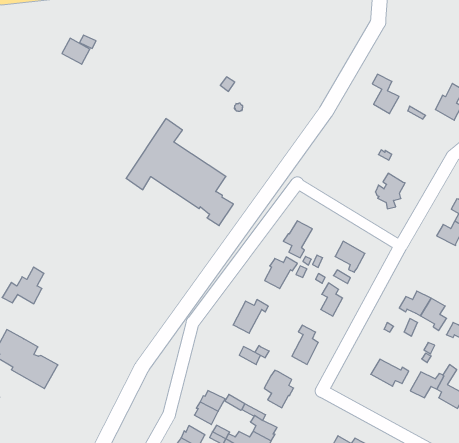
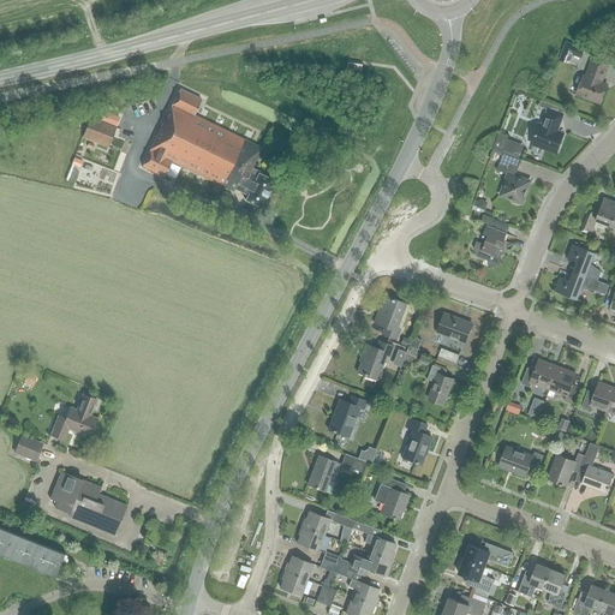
building: [372,74,399,114] -> [496,157,530,202]
building: [126,119,233,226] -> [143,89,274,207]
building: none -> [308,454,339,490]

